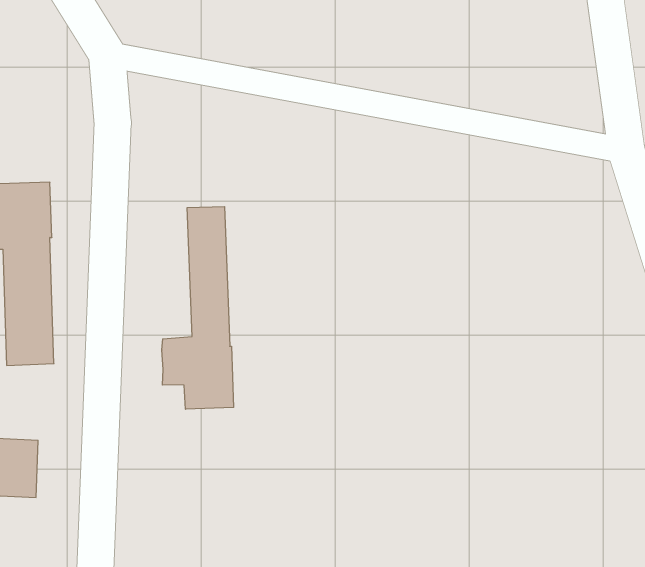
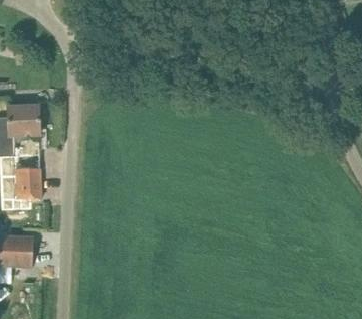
building: [162,207,234,409] -> none

